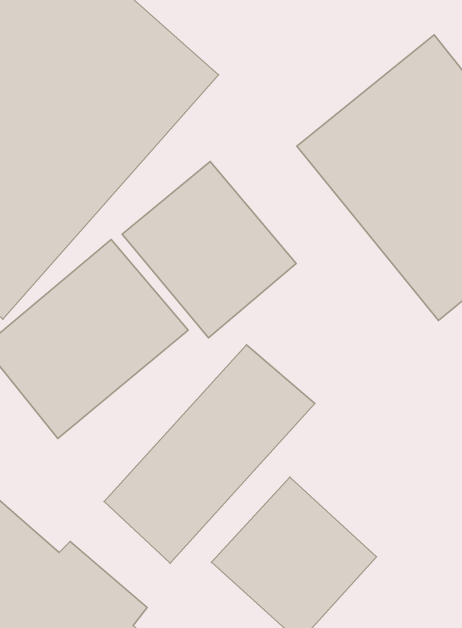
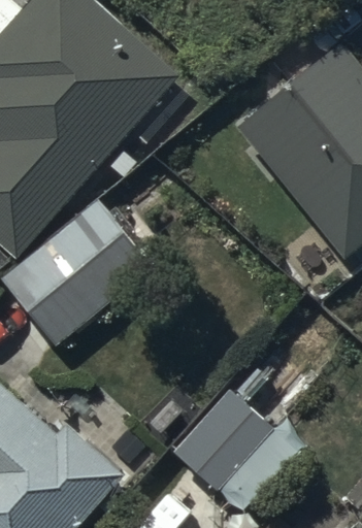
building: [122,161,296,338] -> none
building: [104,345,315,563] -> none

